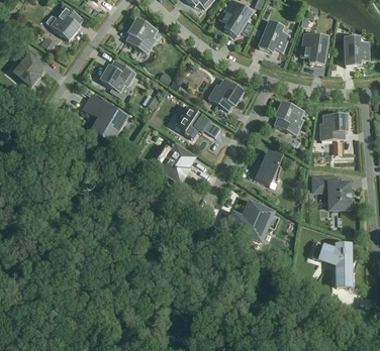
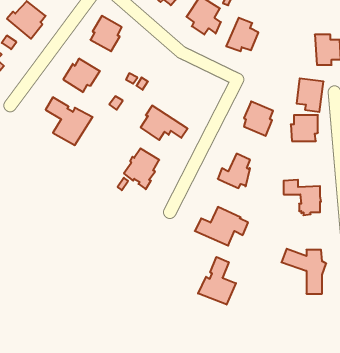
building: [301,32,327,65] -> [297,78,324,112]
building: [208,79,244,110] -> none
building: none -> [198,257,236,305]

